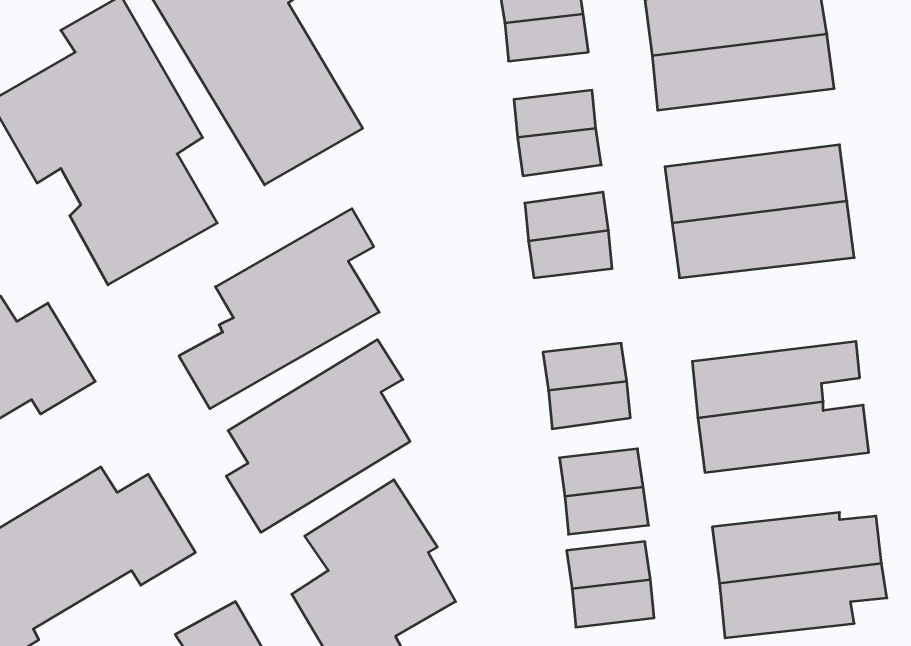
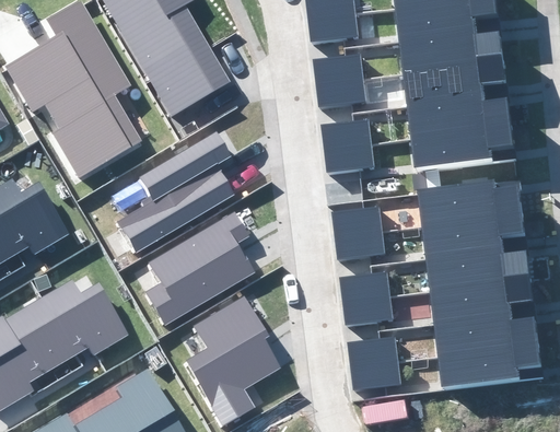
building: none -> [402,58,512,105]
building: none -> [419,180,522,222]
building: none -> [431,277,533,322]

